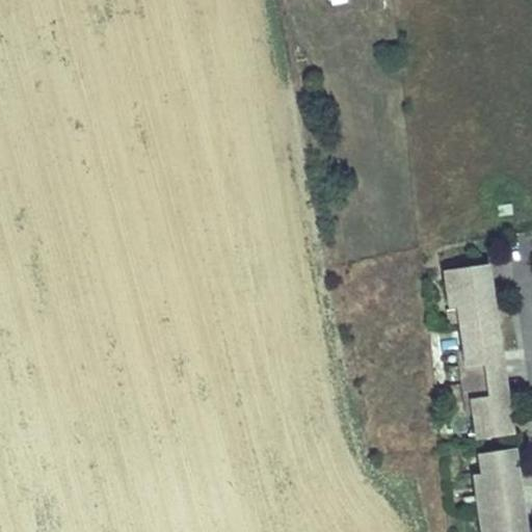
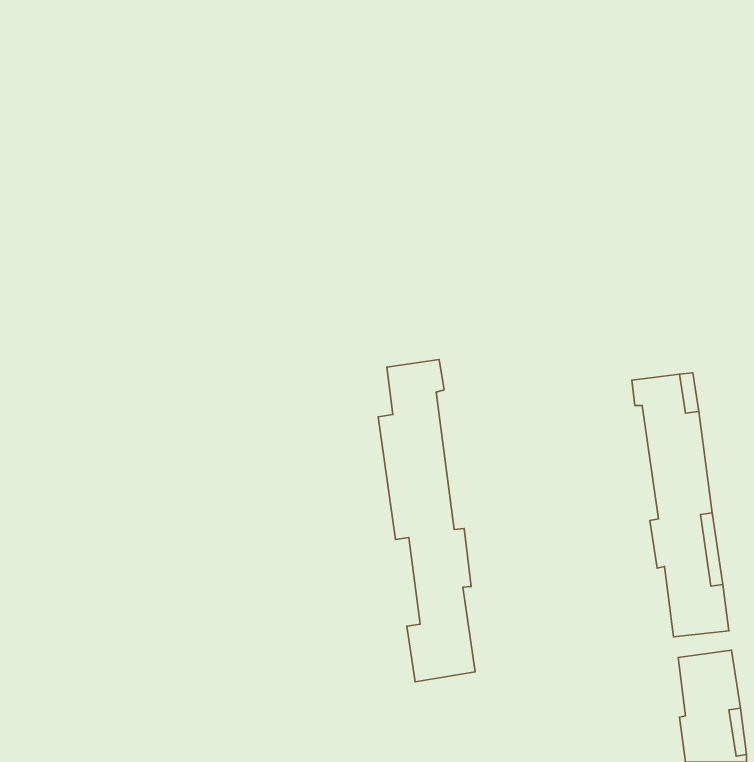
building: none -> [378,359,475,682]

